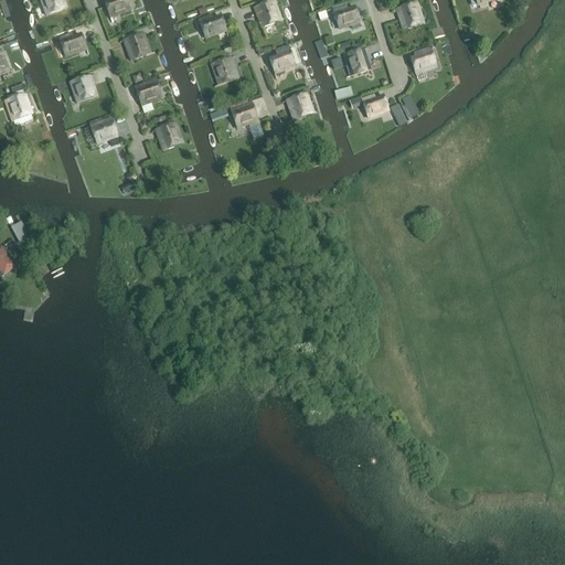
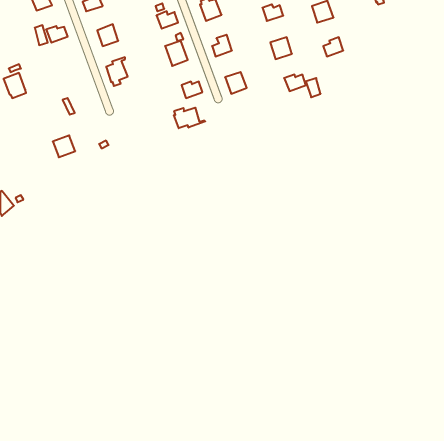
building: [70,74,97,102] -> none
building: [89,116,118,143] -> [53,135,75,157]
building: [156,121,183,149] -> none
building: none -> [174,108,205,128]

